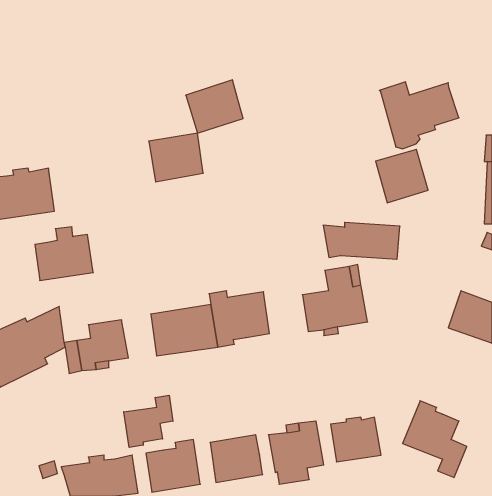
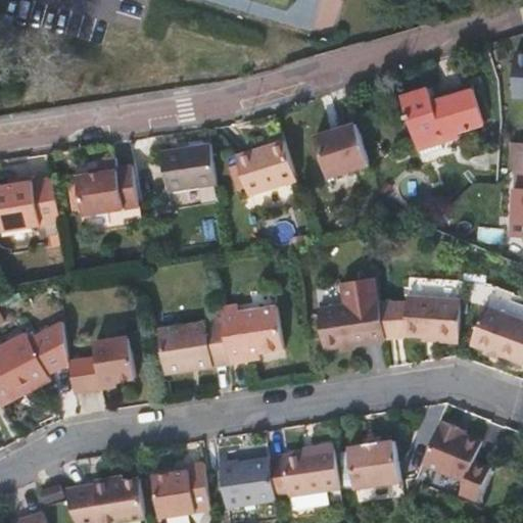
building: [186,80,243,133] -> [234,137,294,193]
building: [376,149,428,203] -> [313,121,368,177]
building: [323,222,400,259] -> [380,301,461,340]
building: [35,227,93,280] -> [75,158,136,215]
building: [124,395,173,447] -> none

